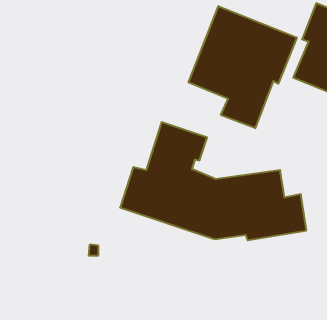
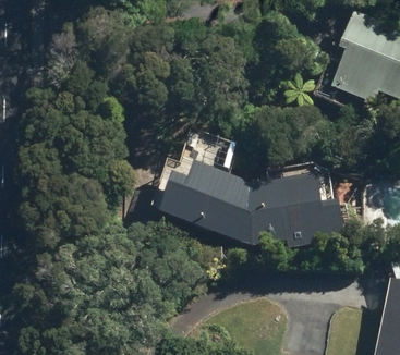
building: [189,6,297,128] -> none

